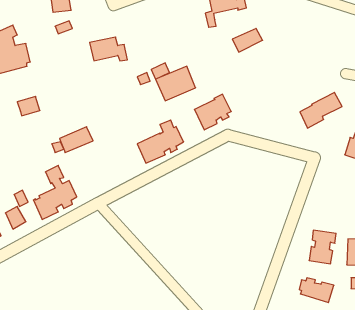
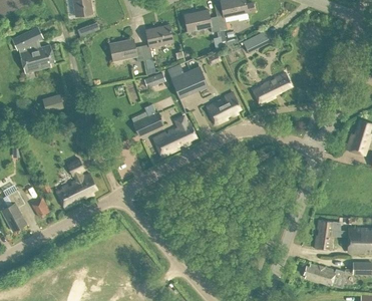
building: none -> [183,9,220,32]
building: none -> [141,24,172,60]
building: [300,92,342,128] -> [253,72,292,105]
building: [60,127,93,153] -> [133,111,164,135]

